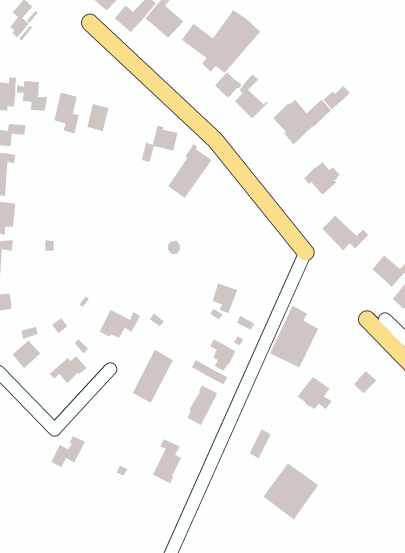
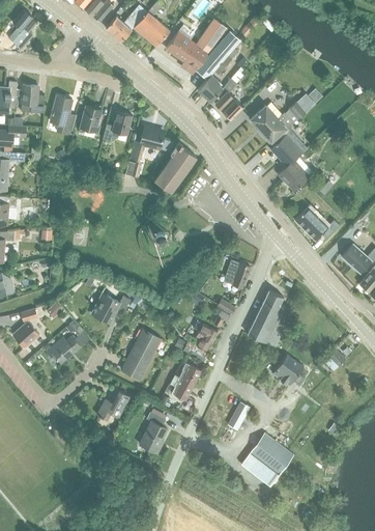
building: none -> [102,110,132,140]
building: none -> [272,135,301,165]
building: [212,283,238,314] -> [225,259,249,287]
building: [51,436,86,468] -> [96,390,128,419]

